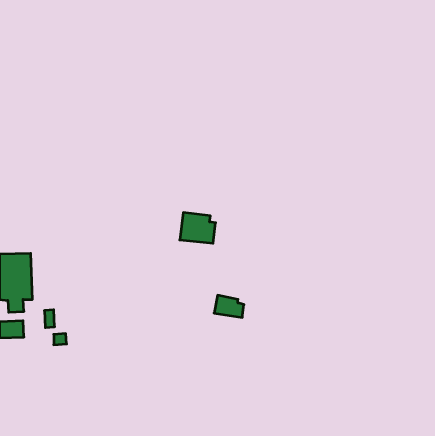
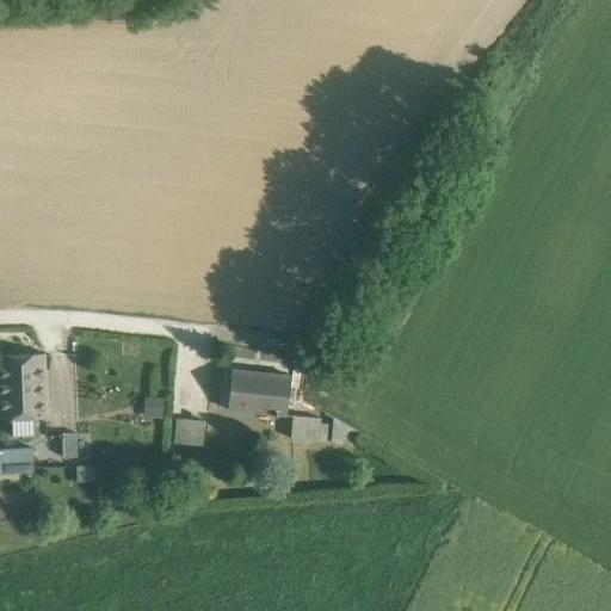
building: [180,213,216,243] -> [227,370,277,413]
building: none -> [178,414,204,445]

